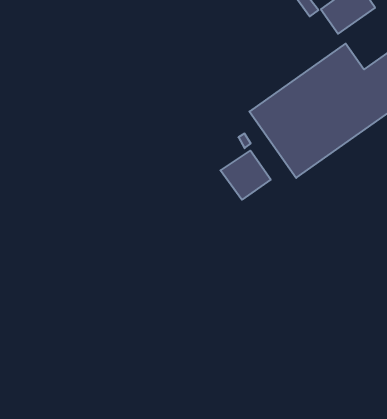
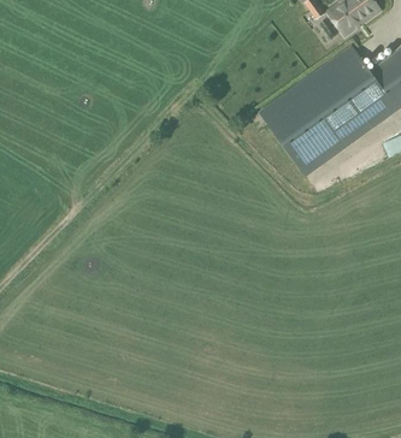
building: [220,151,271,200] -> none

